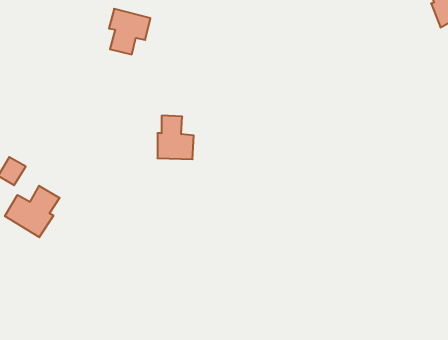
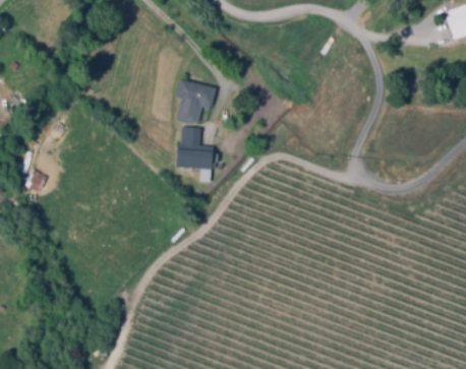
building: [109,9,150,54] -> [175,79,216,124]
building: [5,186,60,237] -> none

